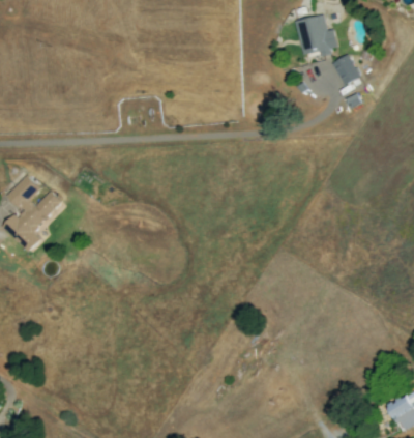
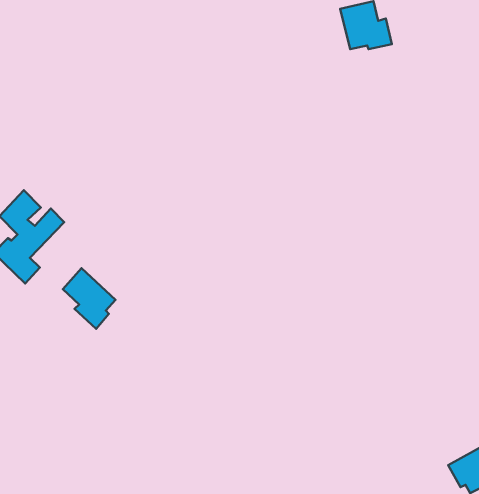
building: [332,53,361,85] -> none
building: none -> [63,268,115,329]

